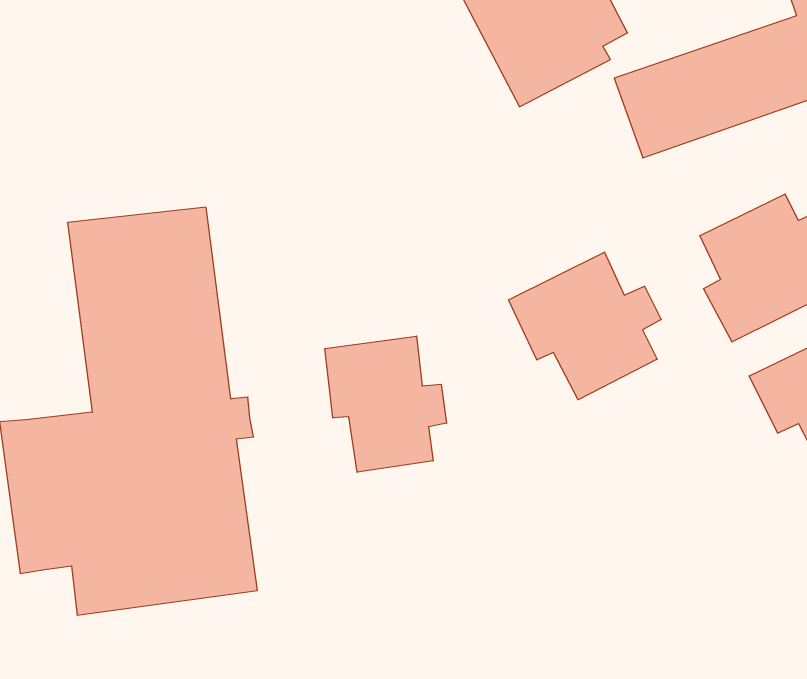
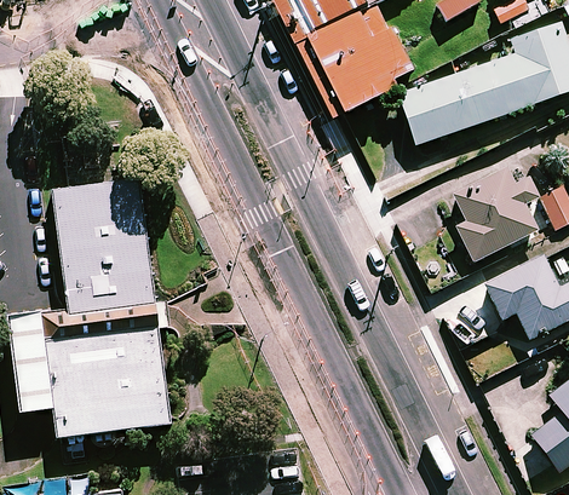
building: [509,252,661,400] -> none
building: [325,336,447,472] -> none

